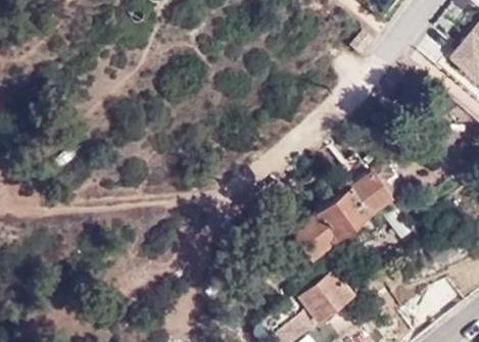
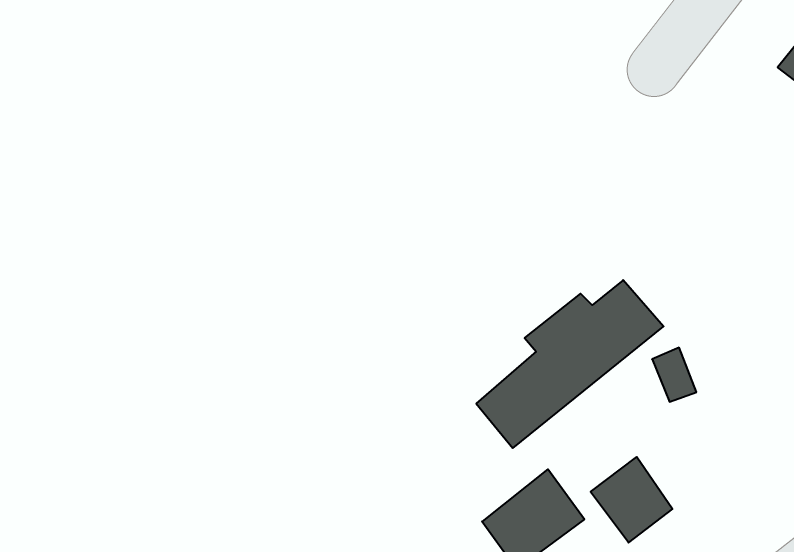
building: none -> [591,457,672,543]

